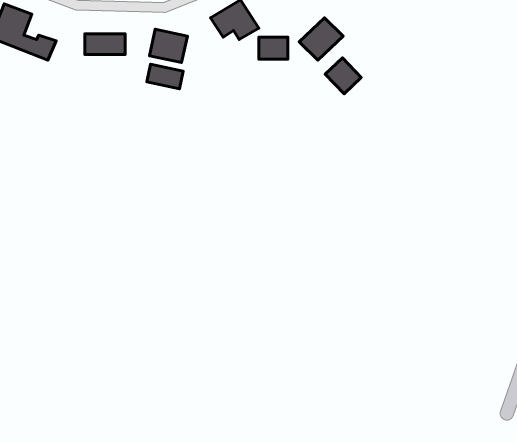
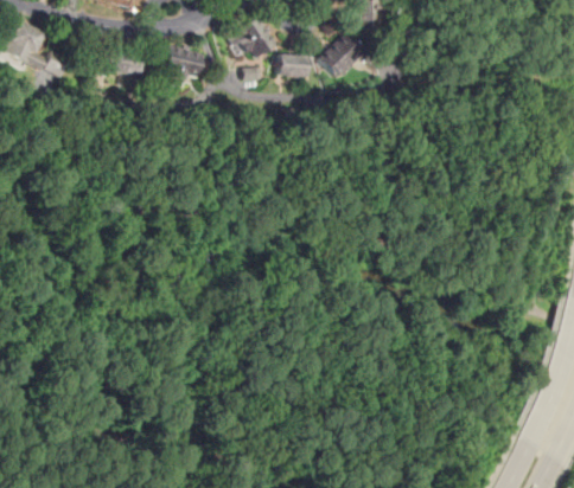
building: [325,58,361,94] -> none
building: [147,64,183,89] -> none

